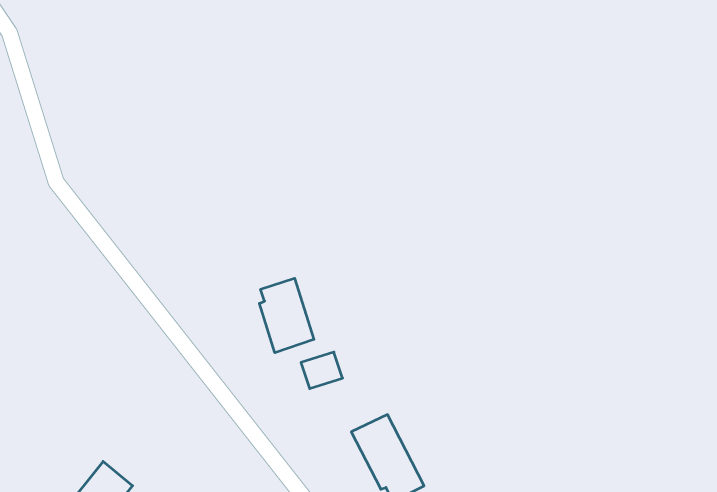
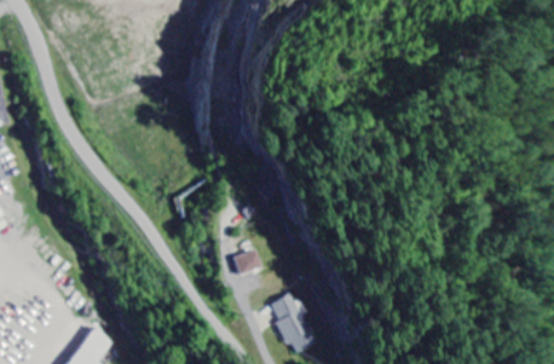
building: [259,278,314,353] -> none

